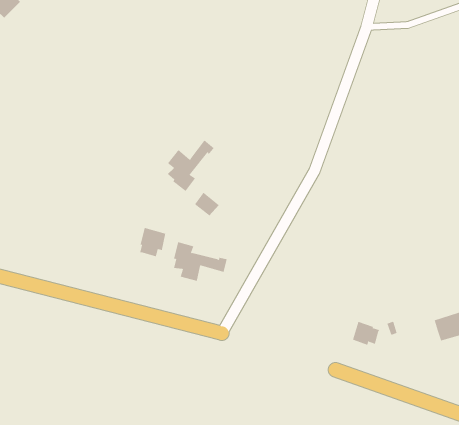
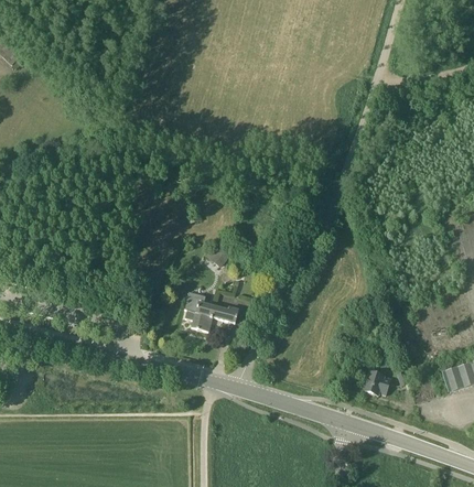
building: [167,140,215,192] -> none
building: [140,227,166,257] -> none

